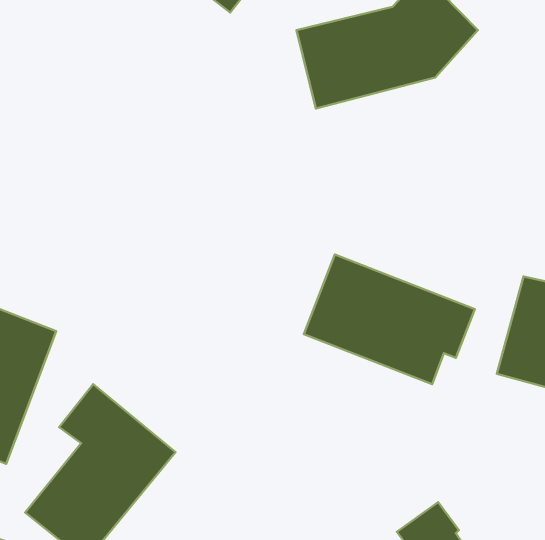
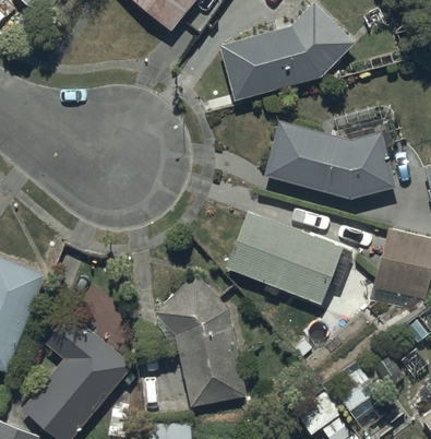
building: none -> [263,103,399,199]
building: none -> [151,271,248,413]

